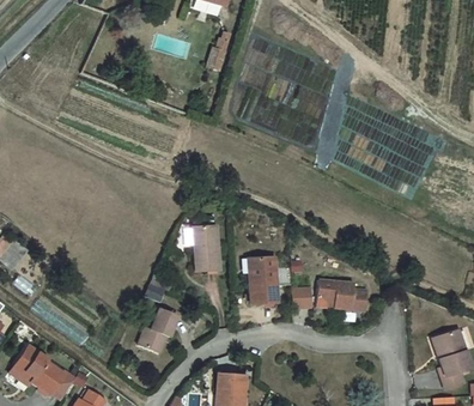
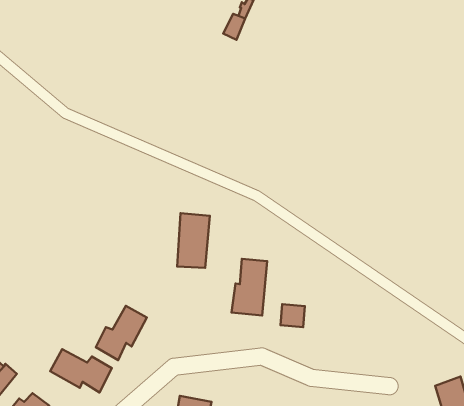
building: [317,275,367,307] -> none
building: none -> [50,349,112,393]

